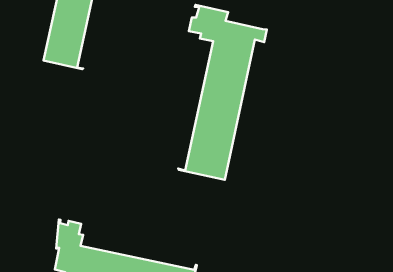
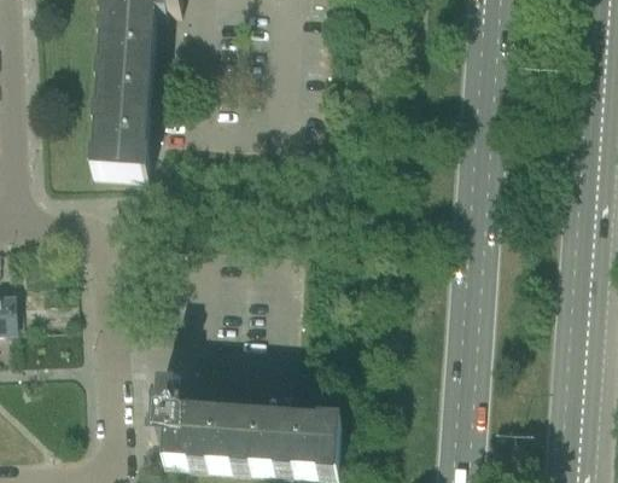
building: [178,5,267,180] -> none

